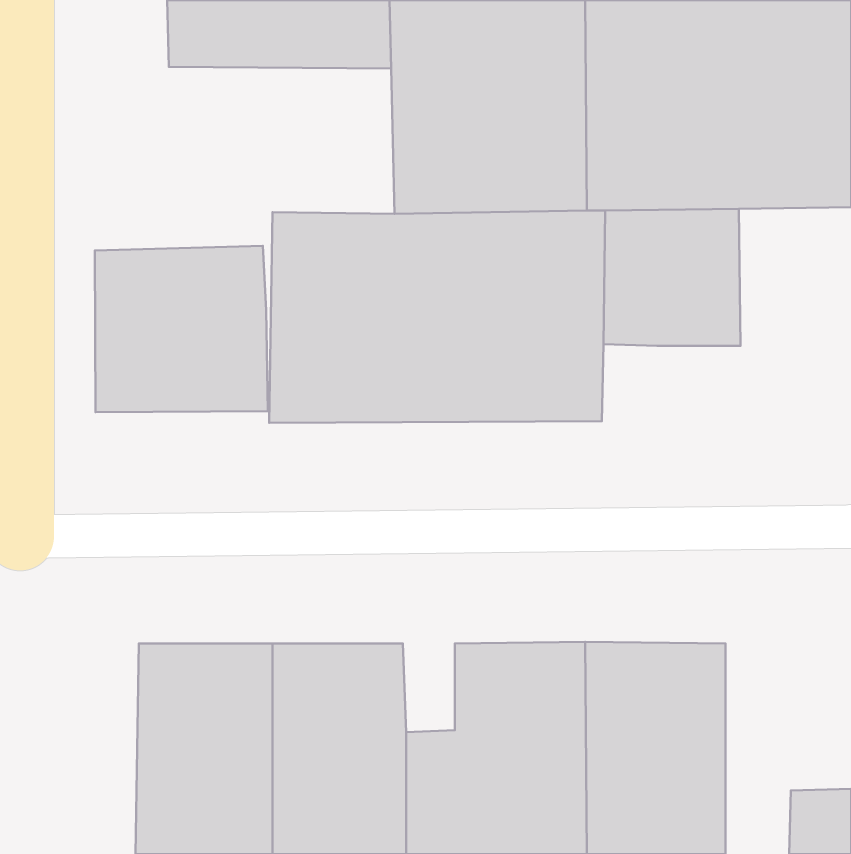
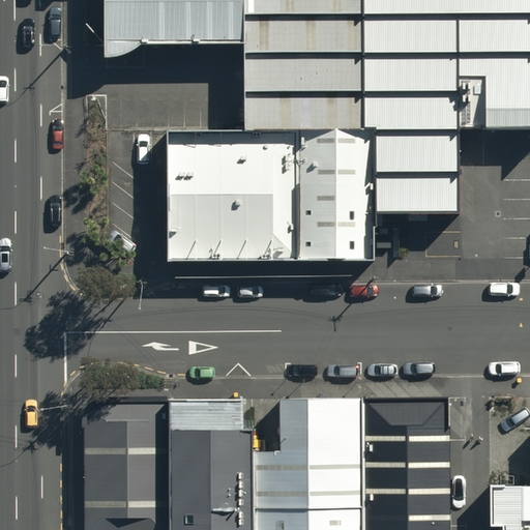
building: [95,246,268,412] -> none

